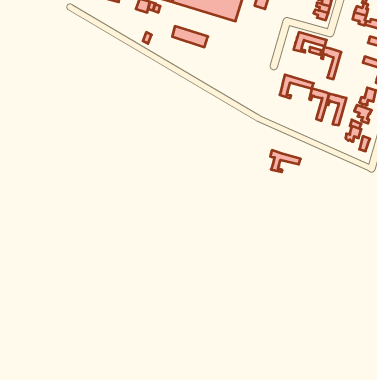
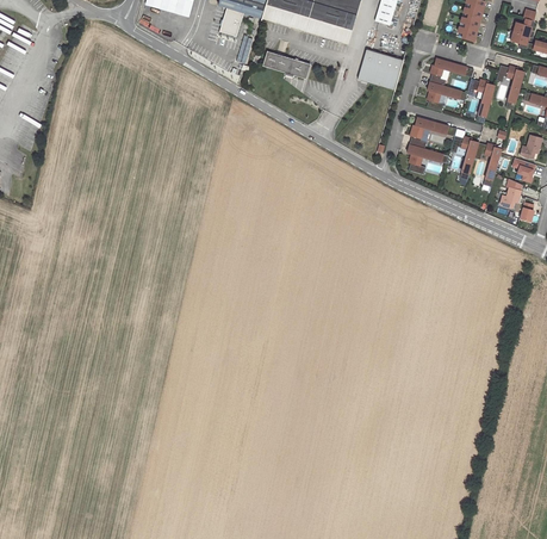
building: none -> [358,50,404,91]
building: none -> [496,66,524,110]
building: none -> [427,82,467,111]
building: [270,150,301,172] -> [408,144,449,174]

